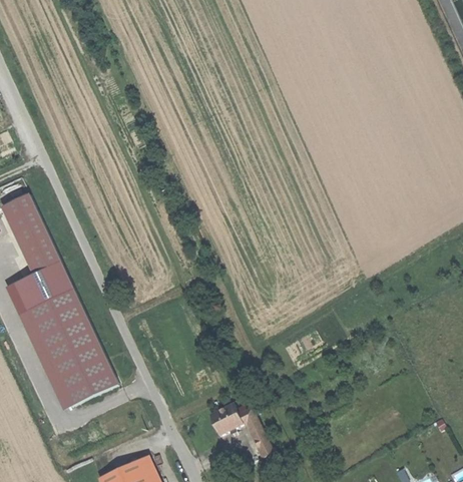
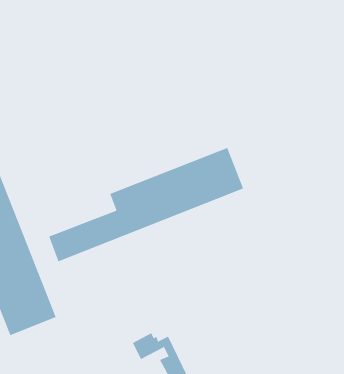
building: none -> [48,147,244,262]

